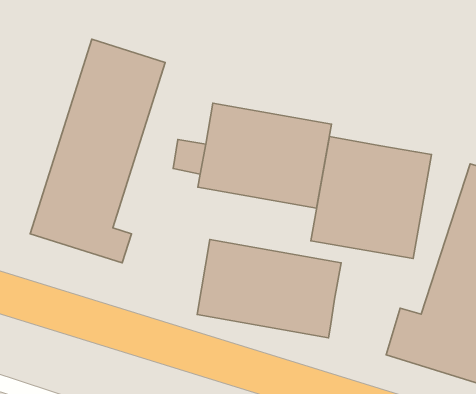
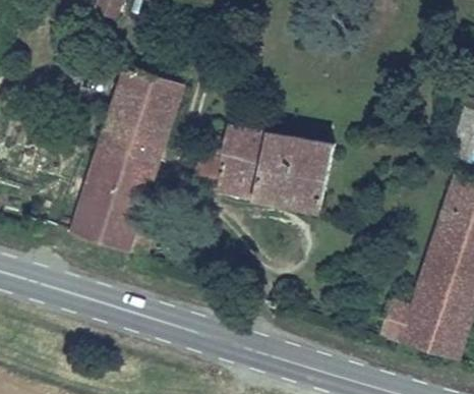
building: [311,137,432,259] -> none
building: [197,240,341,338] -> none

